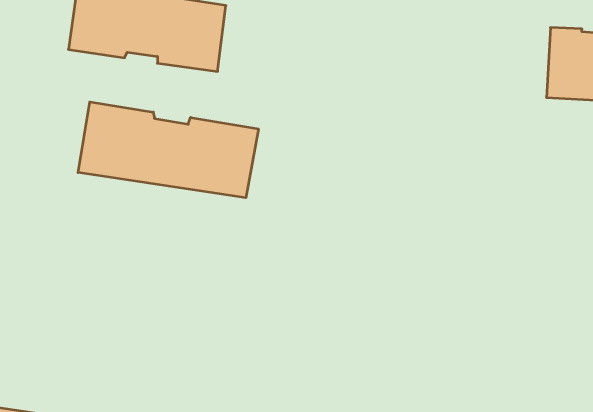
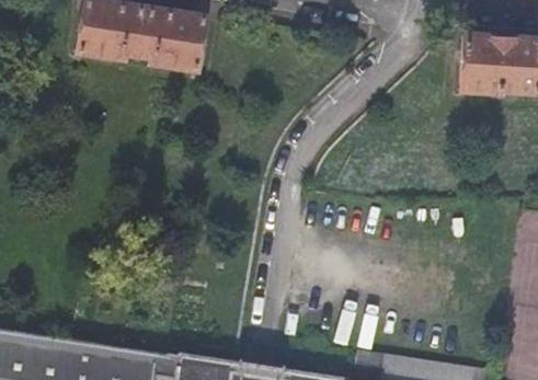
building: [78,102,258,198] -> none

